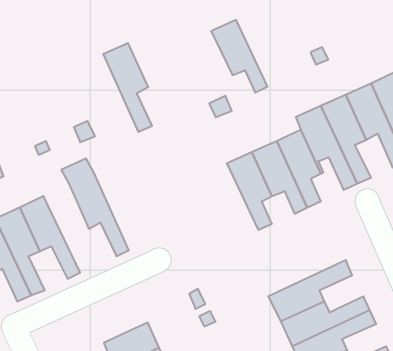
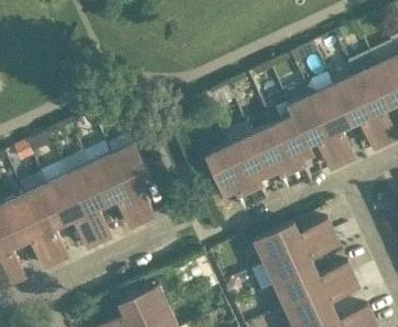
building: [211,20,268,93] -> [205,146,255,210]
building: [103,43,152,132] -> [110,144,153,222]
building: none -> [66,164,110,242]
building: none -> [254,220,332,263]

